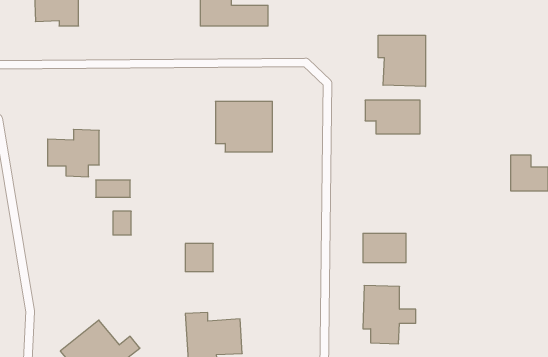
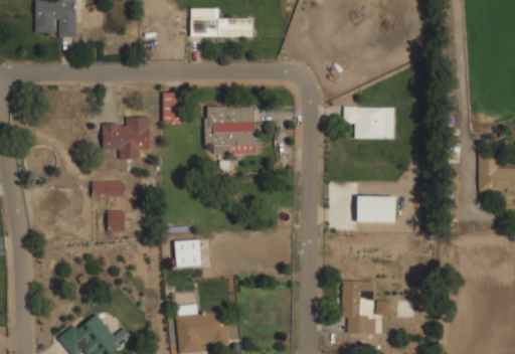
building: [378,35,425,87] -> none
building: none -> [162,94,178,123]
building: [48,129,99,177] -> [102,116,150,160]
building: [363,233,406,263] -> [356,195,396,222]

